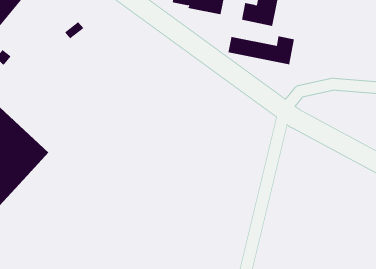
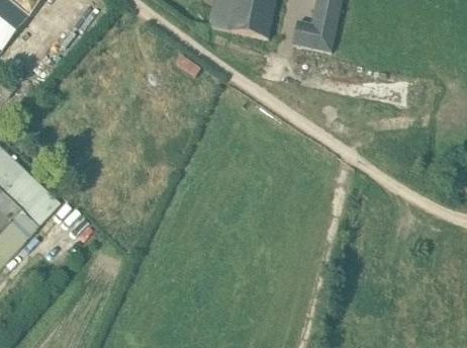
building: [228,35,295,65] -> none

